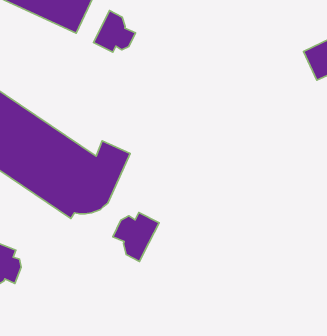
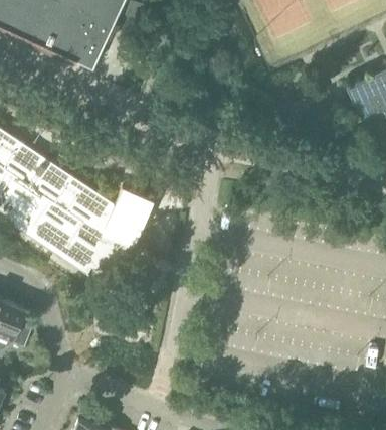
building: [93,10,135,52] -> none
building: [113,213,159,262] -> none

